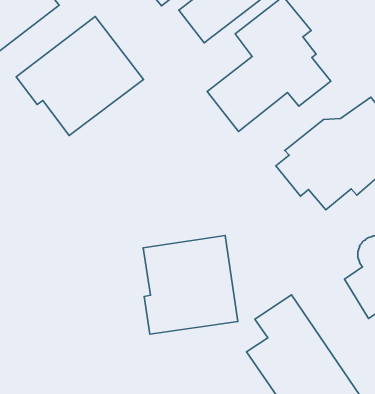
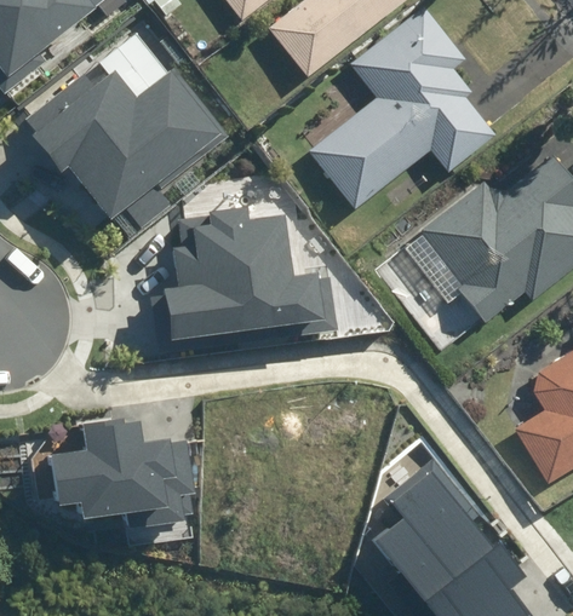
building: none -> [150,201,336,347]
building: [143,236,238,334] -> none
building: none -> [45,411,193,530]

